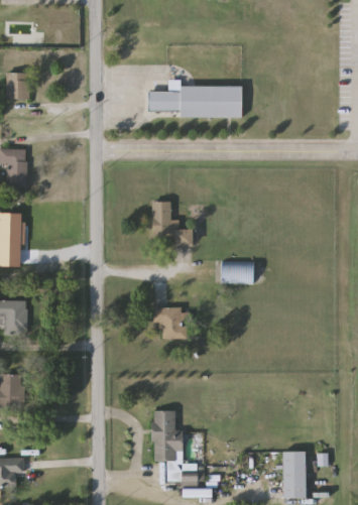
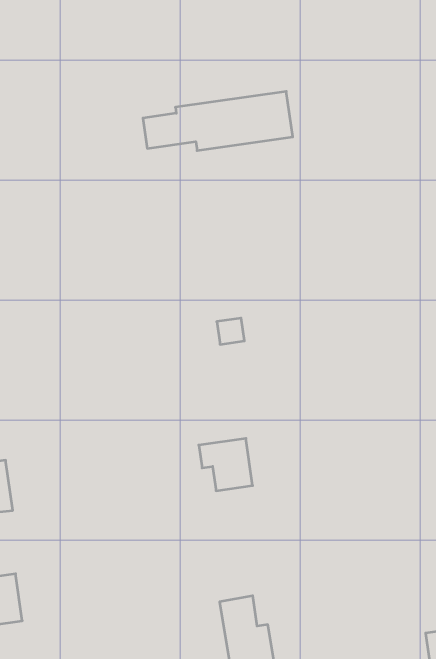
building: [152,202,171,237] -> none
building: [222,262,254,284] -> none

